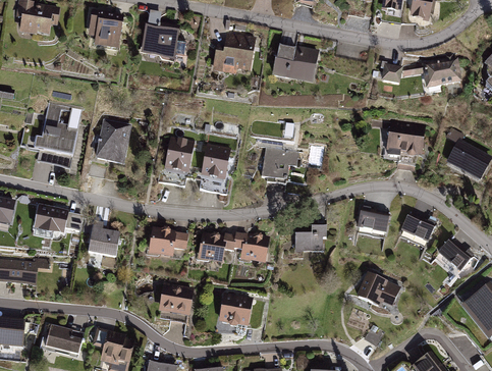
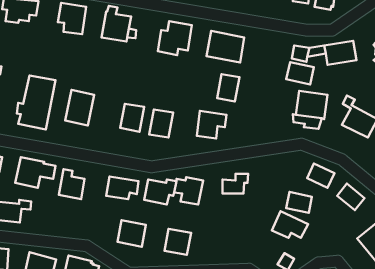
building: none -> [286,62,314,84]
building: none -> [217,74,239,102]
building: [357,207,389,233] -> [286,192,312,213]

